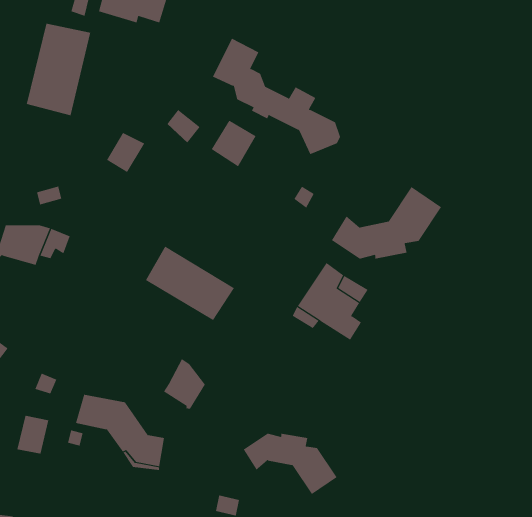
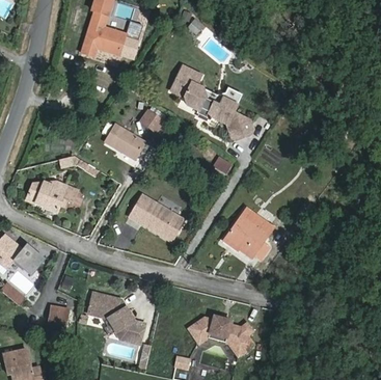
building: [26,23,91,116] -> none
building: [211,120,256,167] -> [116,131,145,161]
building: [331,186,442,260] -> none
building: [163,358,205,410] -> none

